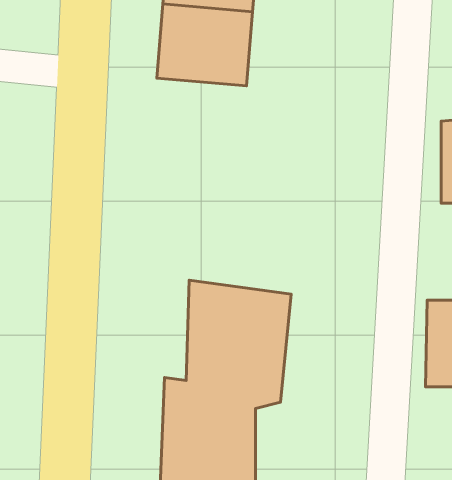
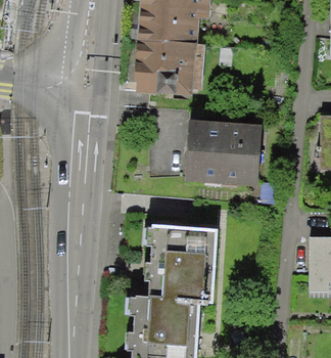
building: none -> [185,126,262,185]

